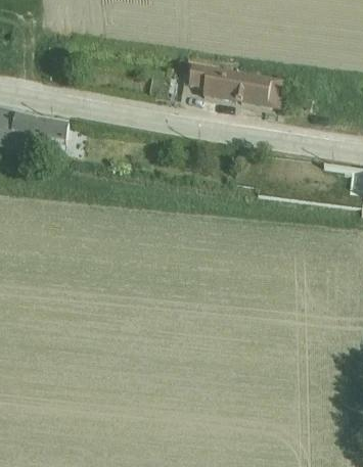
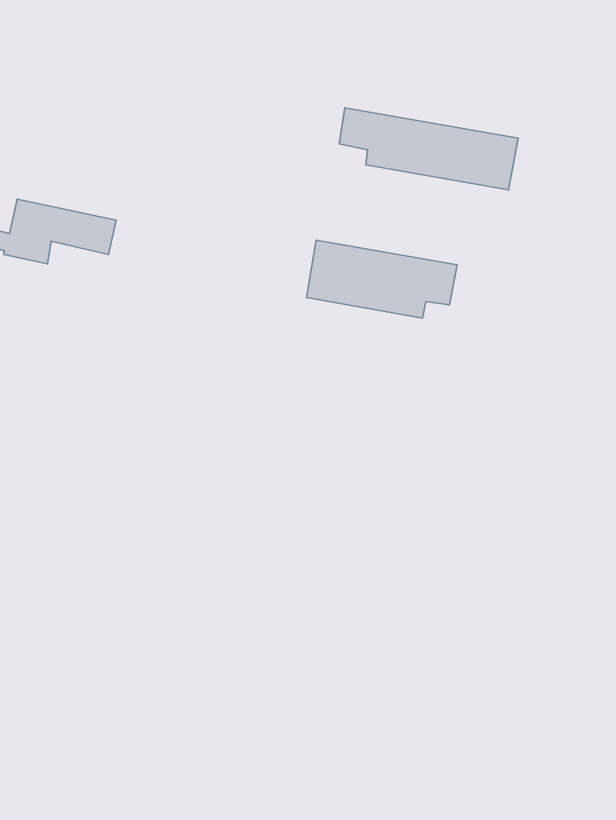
building: none -> [306,240,457,318]

